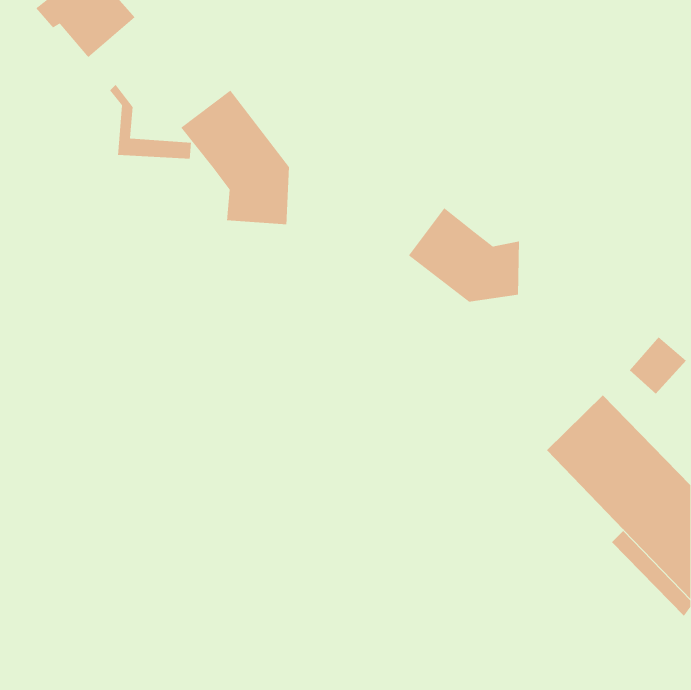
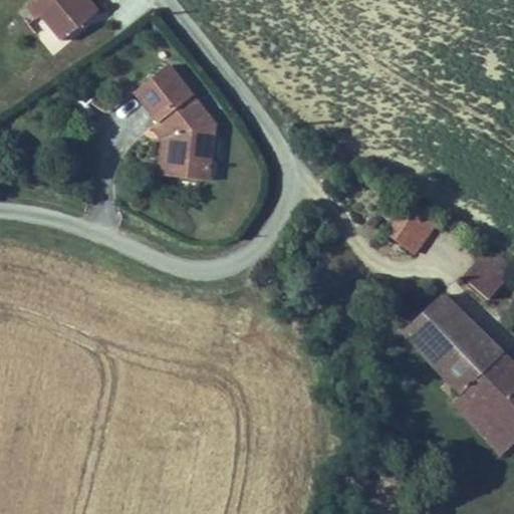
building: [109,84,192,160] -> [152,123,213,180]
building: [408,207,520,302] -> none
building: none -> [389,204,438,252]

